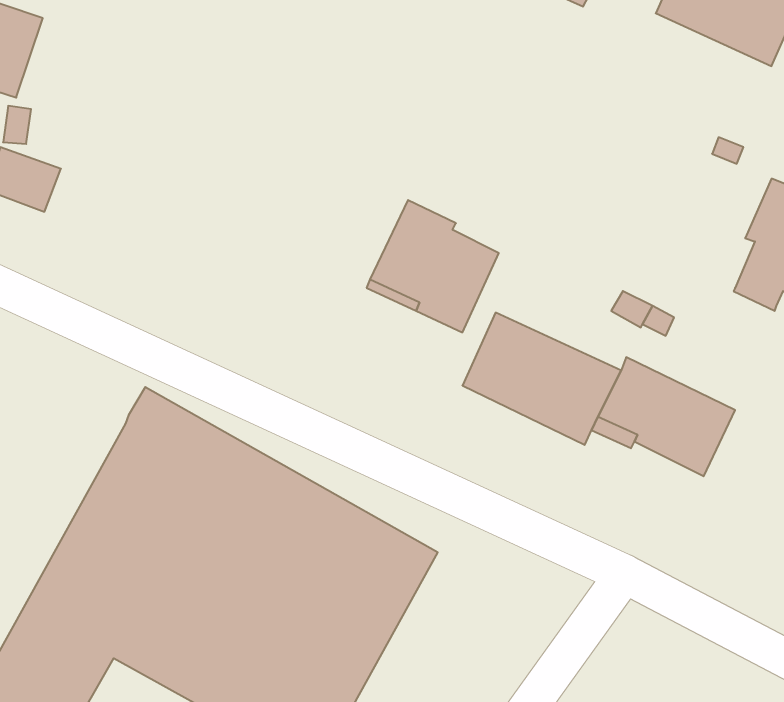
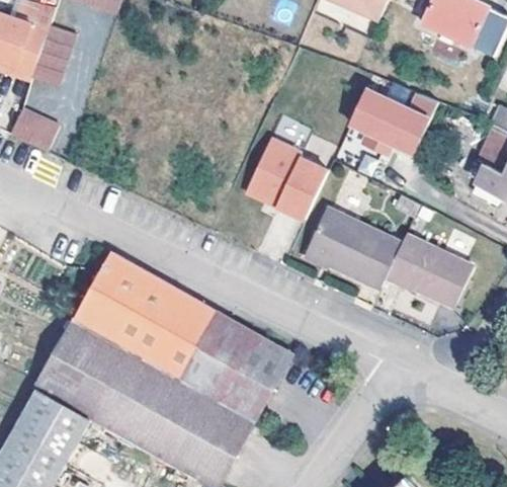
building: none -> [31,22,75,84]
building: none -> [349,90,437,153]

